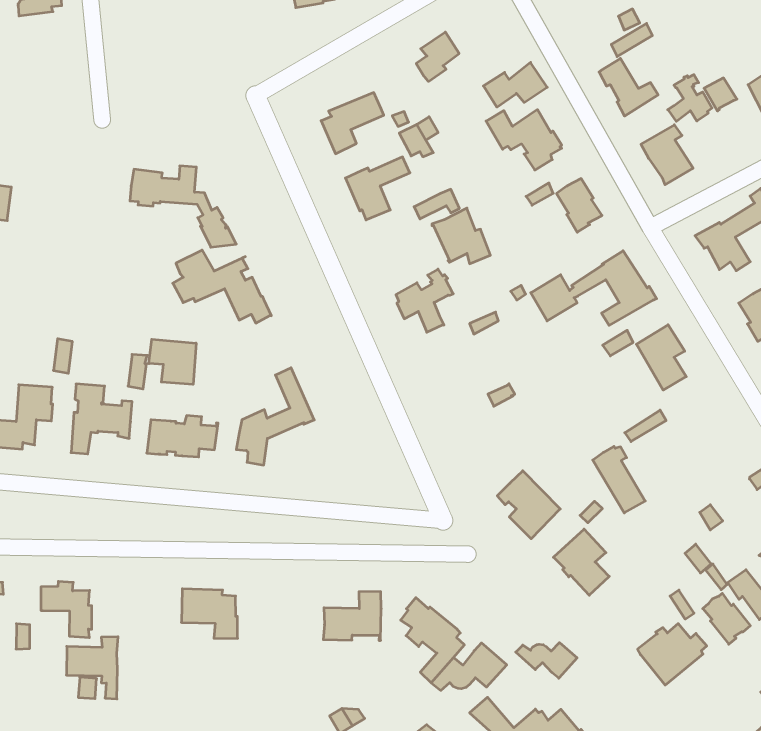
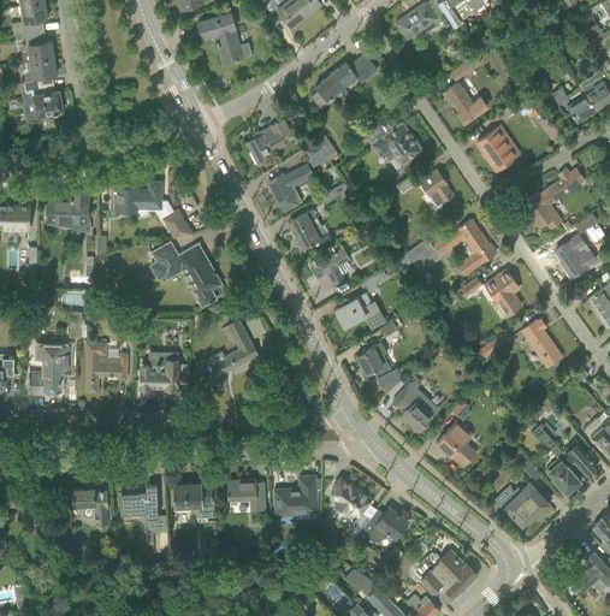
building: none -> [24,78,64,117]
building: [483,62,547,107] -> [332,53,378,87]
building: [668,75,712,121] -> none
building: none -> [47,191,89,230]
building: [432,208,490,264] -> [289,208,332,248]
building: [149,339,196,384] -> none
building: none -> [336,294,385,328]
building: none -> [357,342,403,393]
building: [593,446,645,513] -> [522,319,562,366]
building: none -> [229,479,266,511]
building: [66,637,118,699] -> [122,484,160,528]
building: [516,643,577,678] -> none

